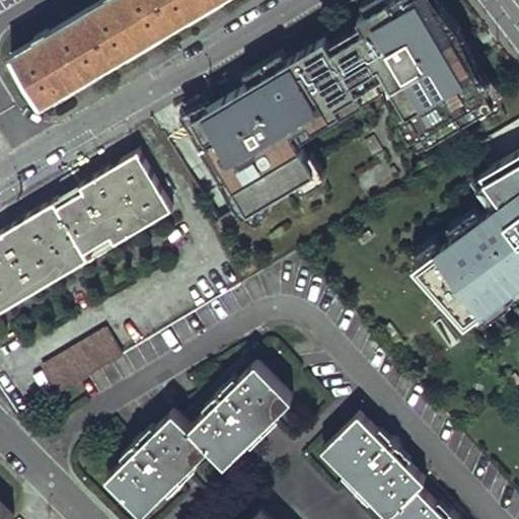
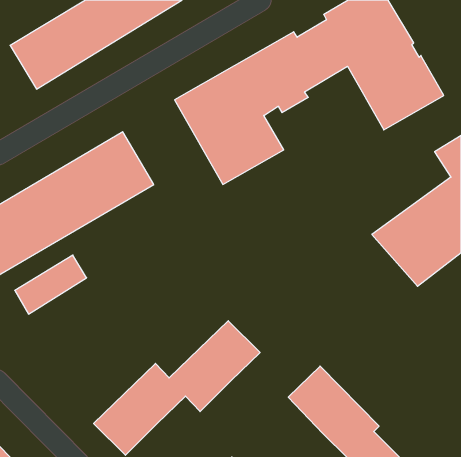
building: [41,332,121,398] -> [15,255,87,314]

